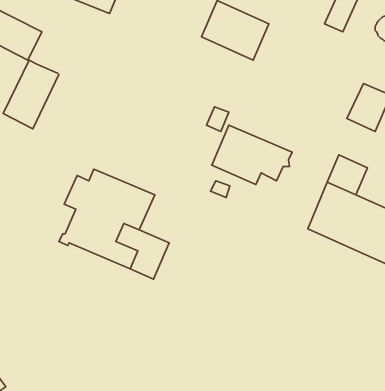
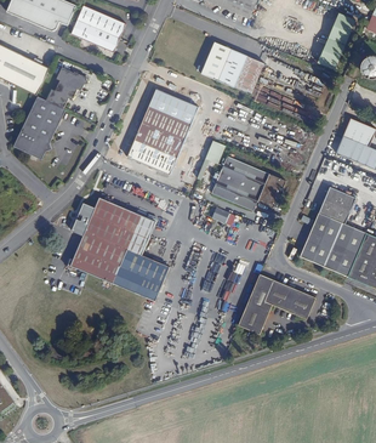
building: none -> [45,67,89,108]
building: none -> [124,89,196,175]
building: none -> [238,274,317,335]

